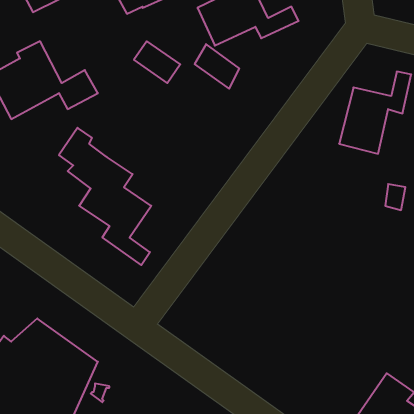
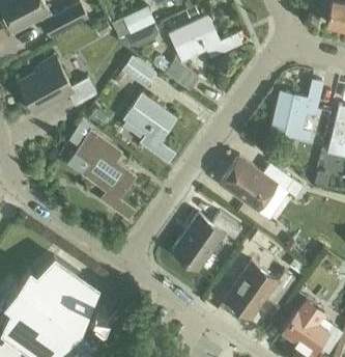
building: none -> [125,94,176,161]
building: none -> [220,157,304,211]
building: none -> [172,213,241,271]
building: none -> [224,262,294,319]

